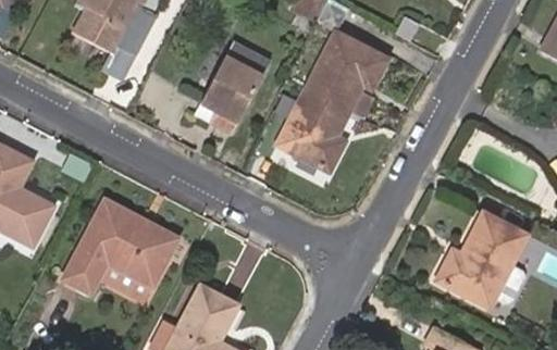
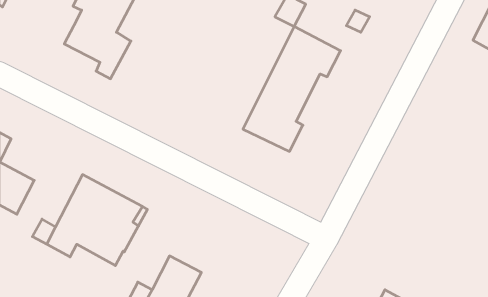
building: [195,42,271,134] -> none
building: [436,213,525,307] -> none

